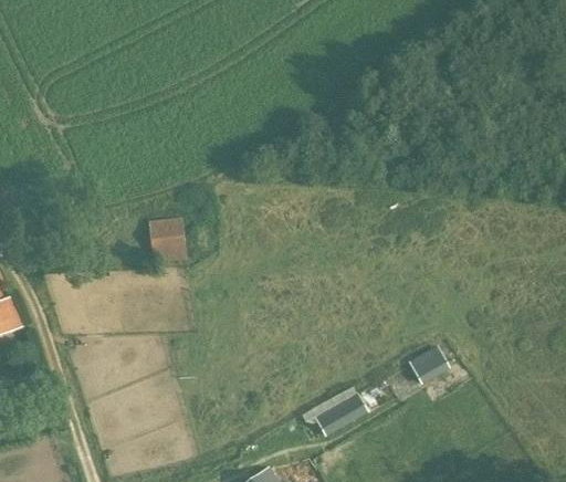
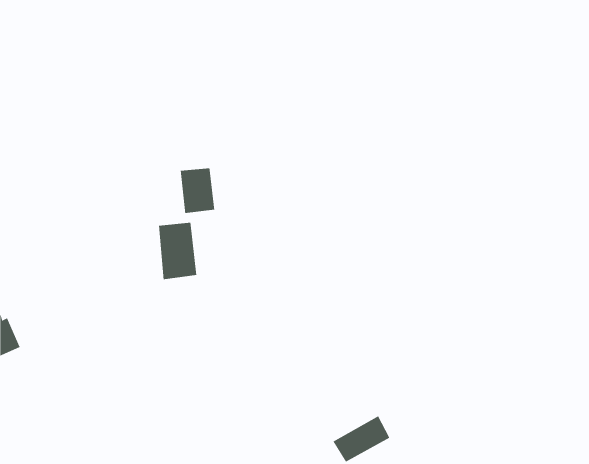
building: none -> [180,168,215,214]
building: [409,346,449,383] -> none

